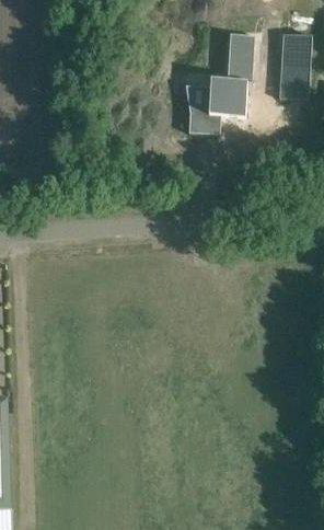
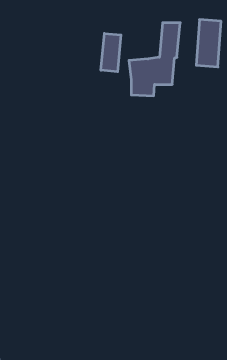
building: none -> [101,33,121,72]

